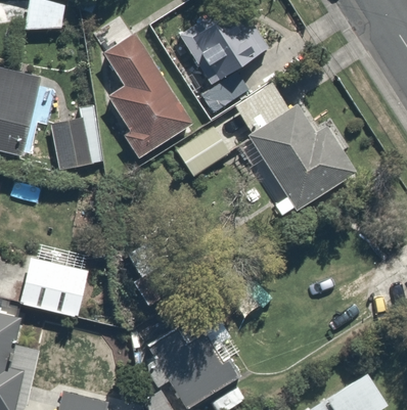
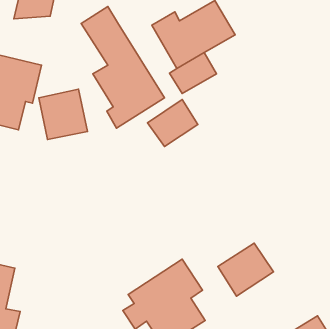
building: [233,87,359,223] -> none
building: [16,257,88,317] -> none
building: none -> [218,243,273,296]

